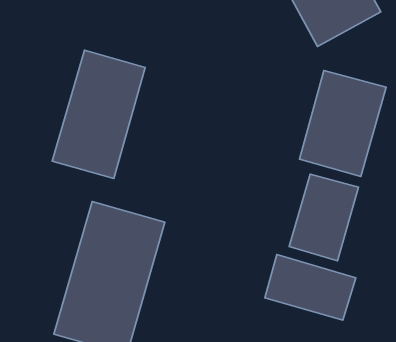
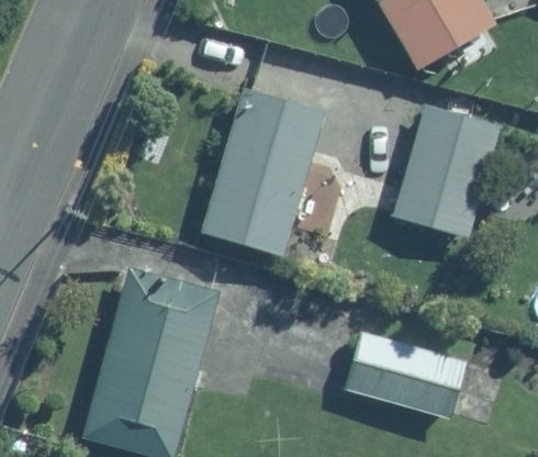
building: [52,50,145,178] -> [204,92,322,255]
building: [289,174,358,261] -> none

